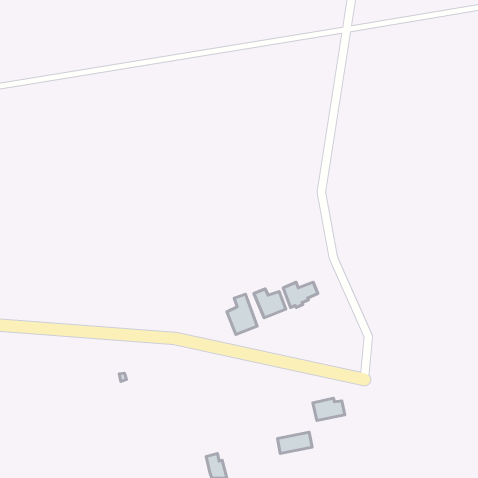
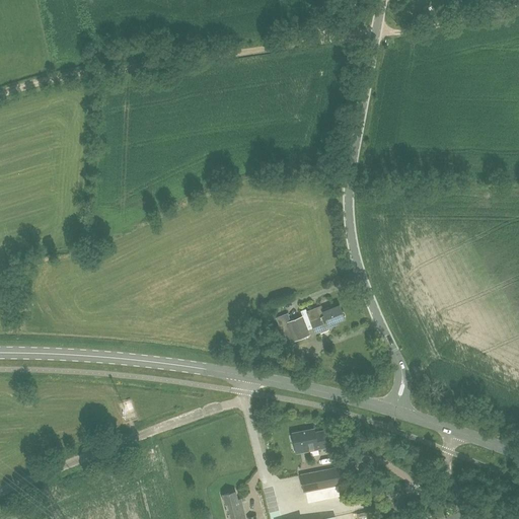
building: [227,294,257,335] -> none
building: [313,398,345,421] -> [291,428,325,452]

